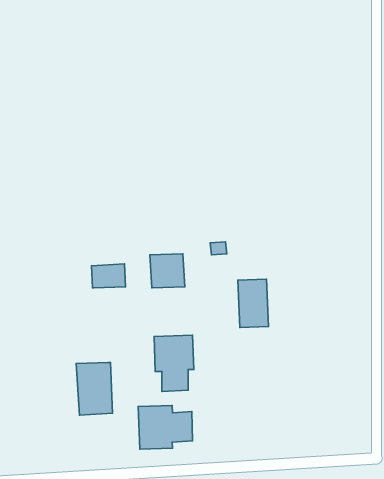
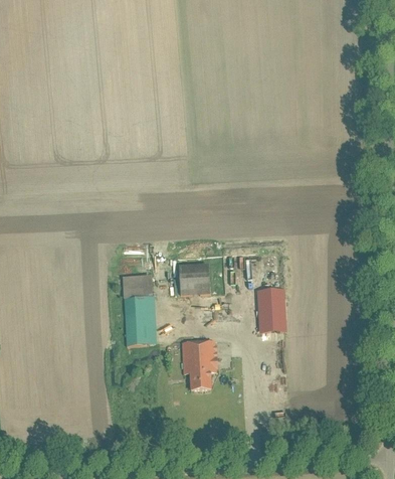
building: [76,363,113,415] -> [125,294,158,342]
building: [138,405,192,449] -> none

